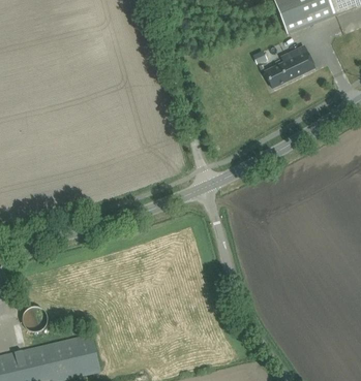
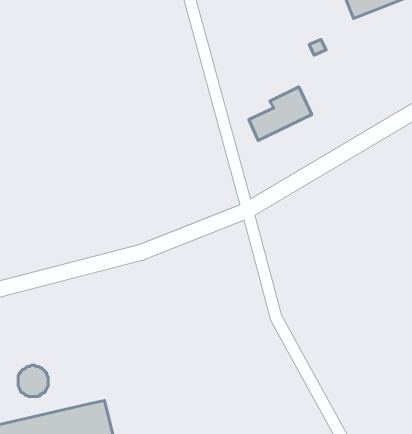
building: [265,45,314,88] -> [249,87,312,141]

